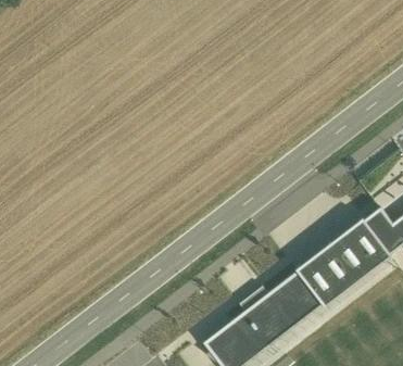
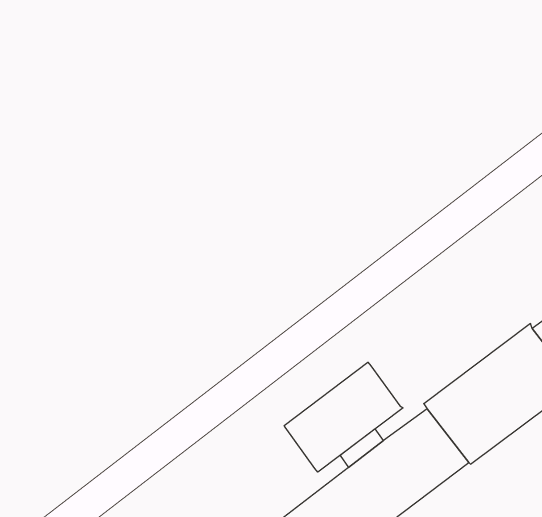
building: none -> [284,362,403,472]

